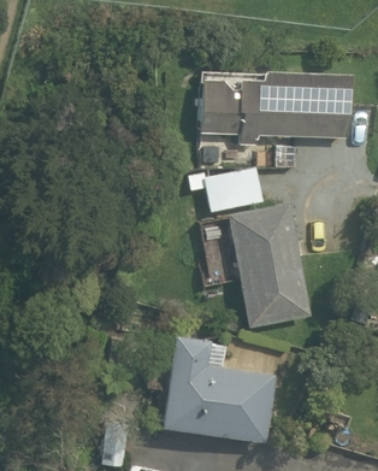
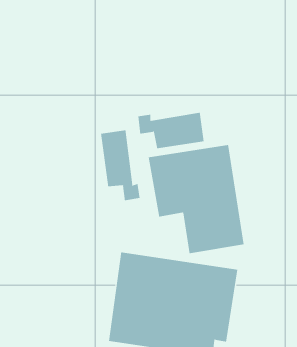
building: [199,67,358,141] -> none
building: none -> [101,129,140,201]

